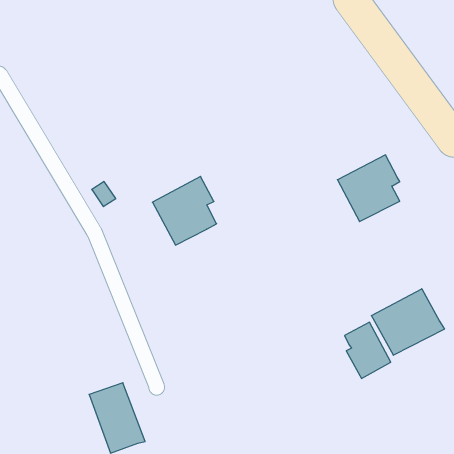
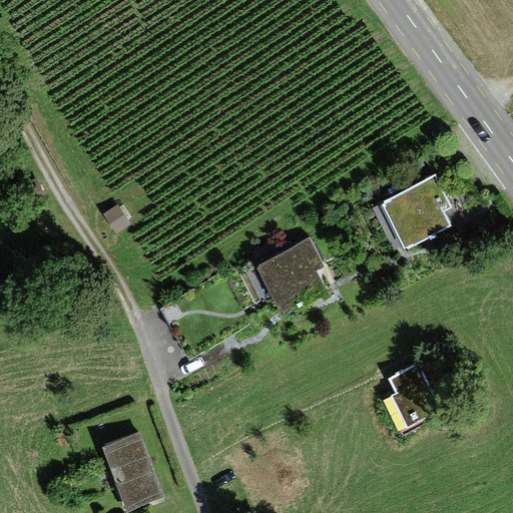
building: [152,176,217,245] -> [255,236,328,314]
building: [371,289,444,355] -> none

